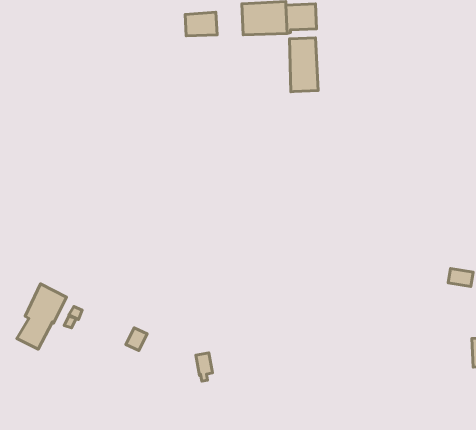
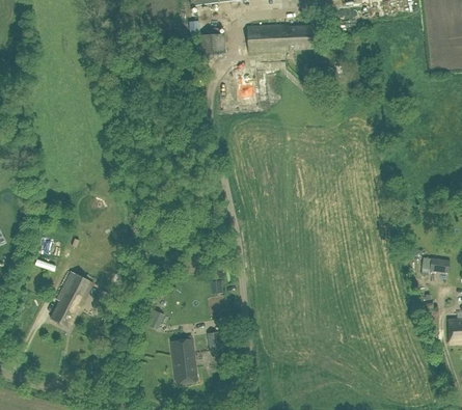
building: [289,38,318,92] -> none
building: none -> [170,339,197,384]

